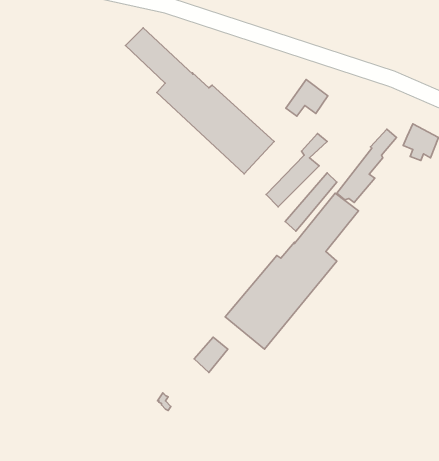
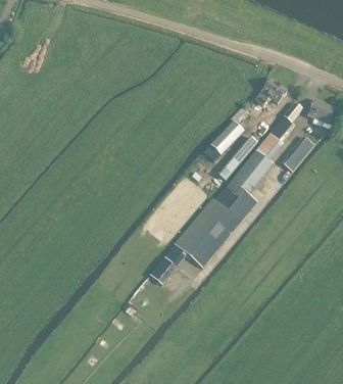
building: [125,28,274,174] -> none
building: [286,80,328,116] -> [254,78,286,105]
building: none -> [281,136,313,172]

